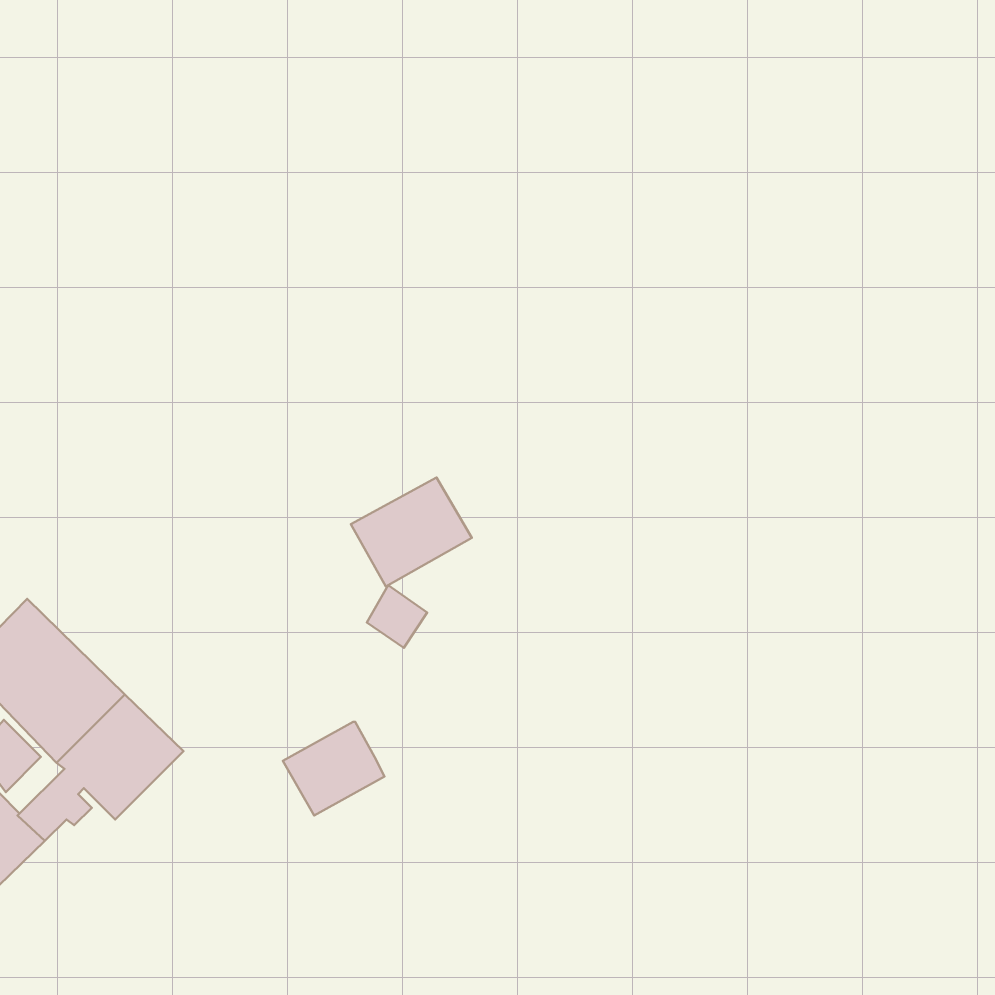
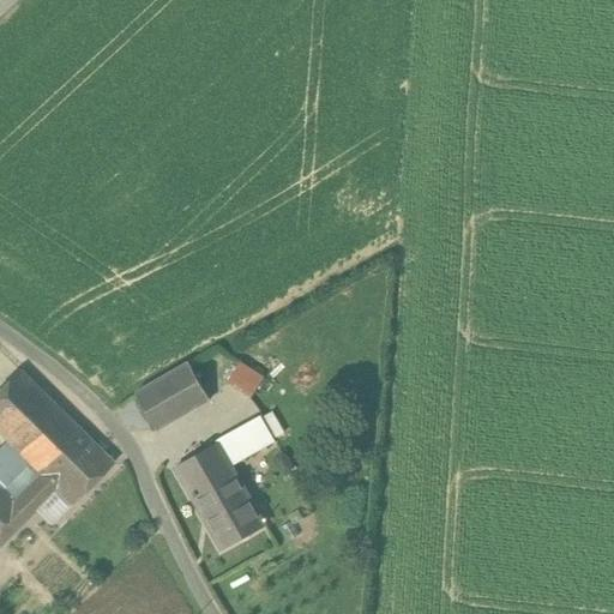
building: [351,477,472,587] -> [134,361,209,428]
building: none -> [215,415,273,465]
building: none -> [193,477,264,549]

